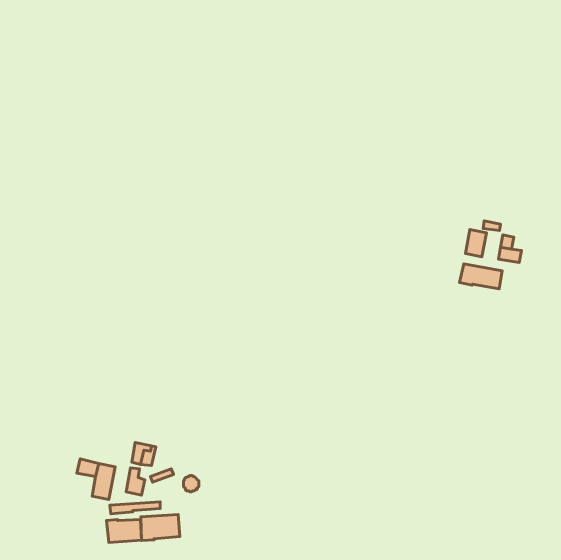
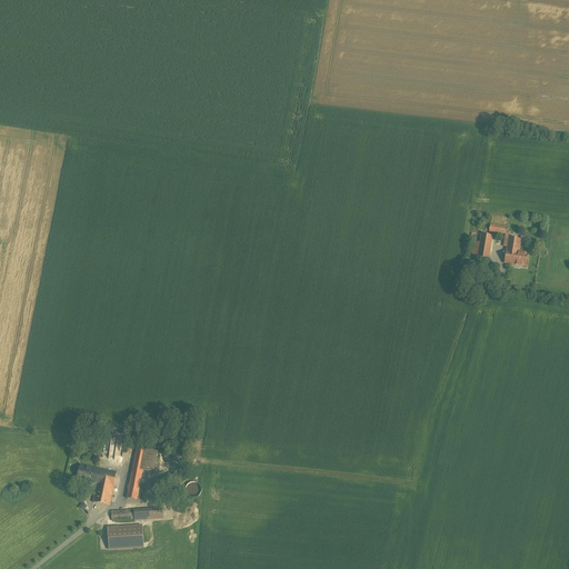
building: [460,264,502,289] -> none
building: [141,514,180,540] -> none

